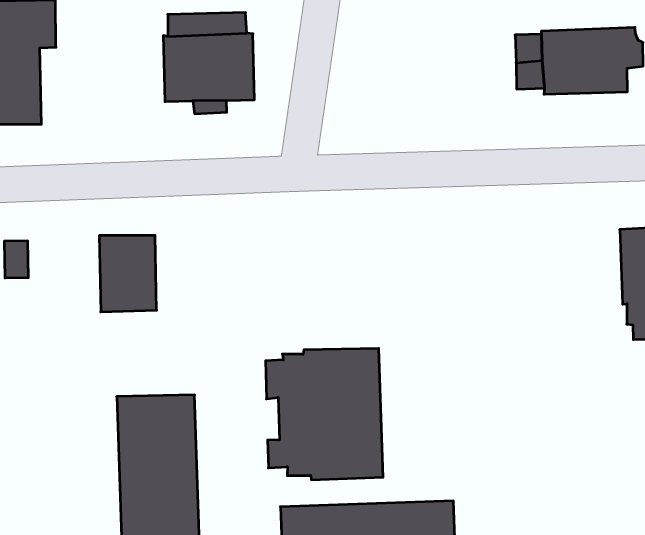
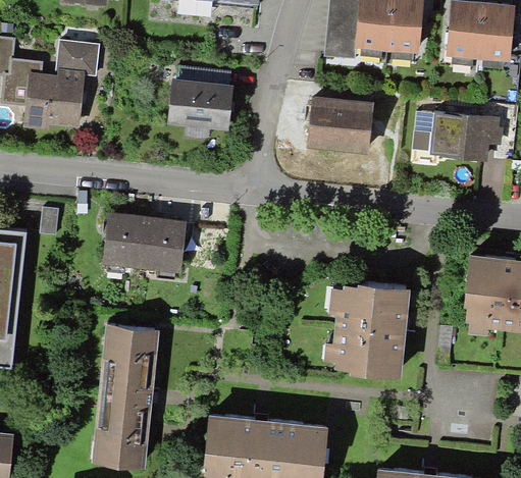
building: none -> [307,96,373,154]
building: none -> [141,216,187,273]
building: [266,348,383,480] -> [322,282,410,378]

